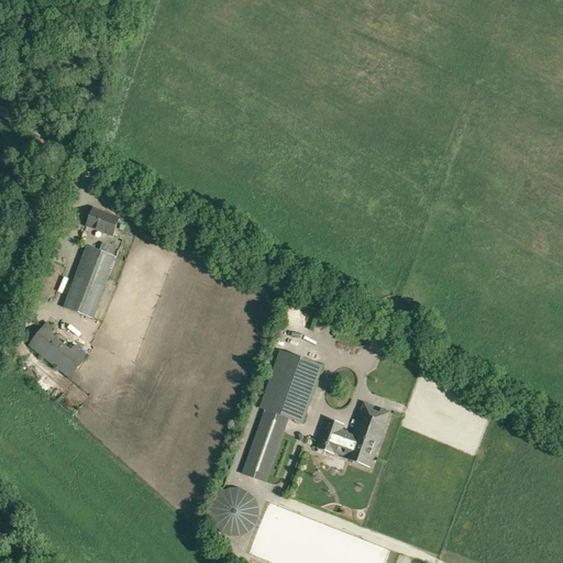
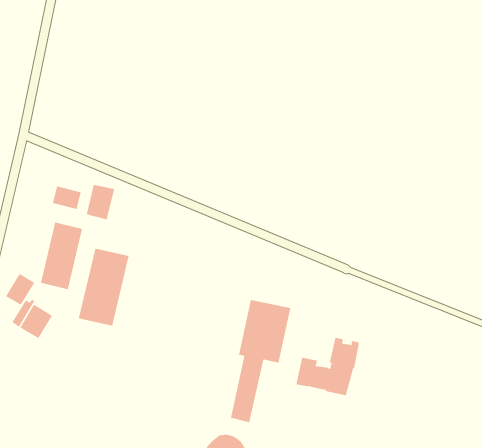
building: none -> [86,184,115,220]
building: none -> [78,248,129,327]
building: [55,342,88,376] -> [5,273,35,306]

